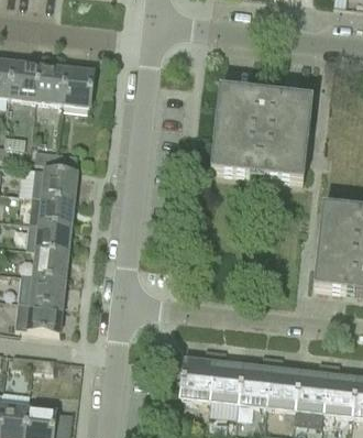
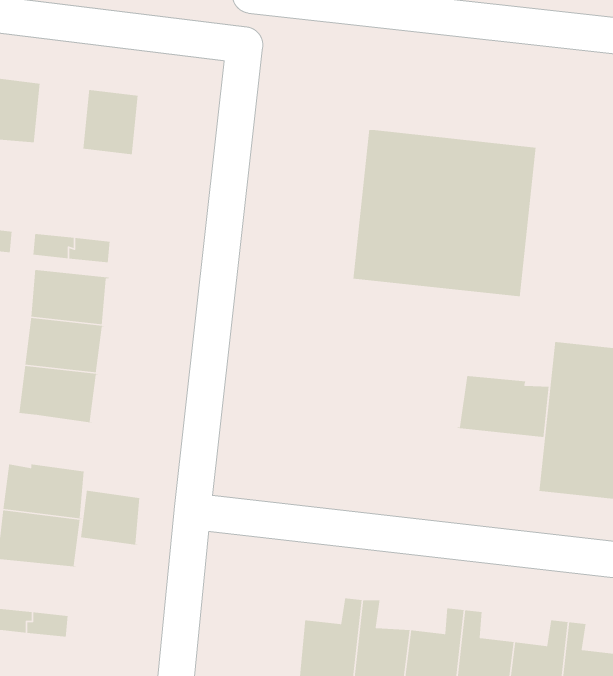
building: [36,67,66,103] -> none
building: none -> [457,375,549,438]
building: [34,250,68,281] -> [80,490,142,546]

